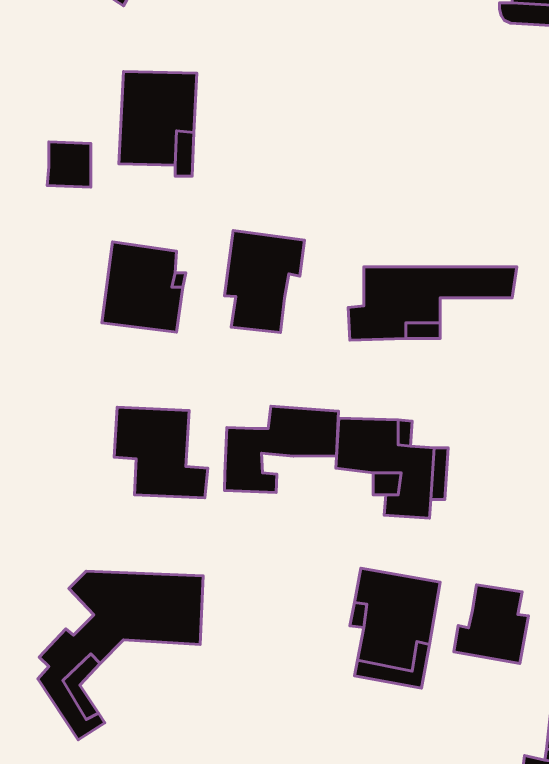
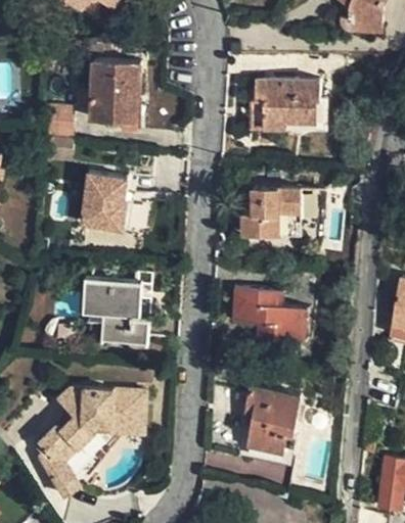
building: none -> [254,81,324,131]
building: [224,231,304,332] -> none
building: [224,406,339,493] -> none
building: [454,585,528,664] -> none

